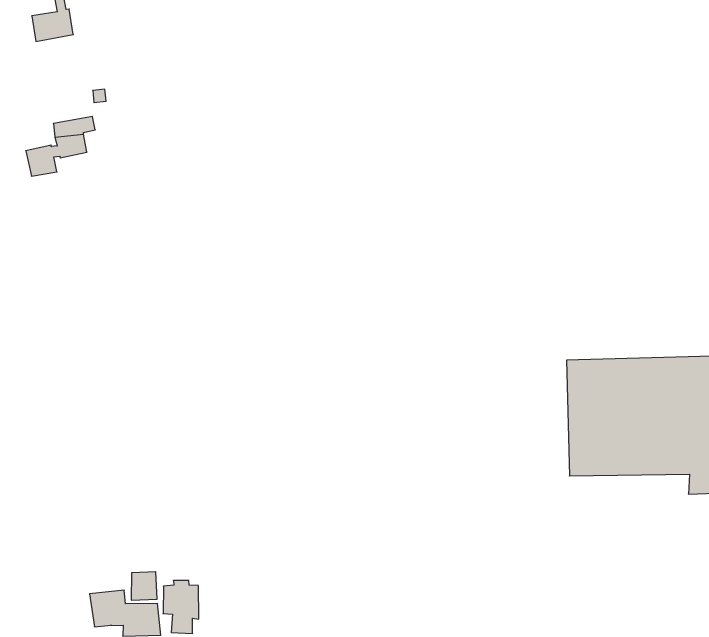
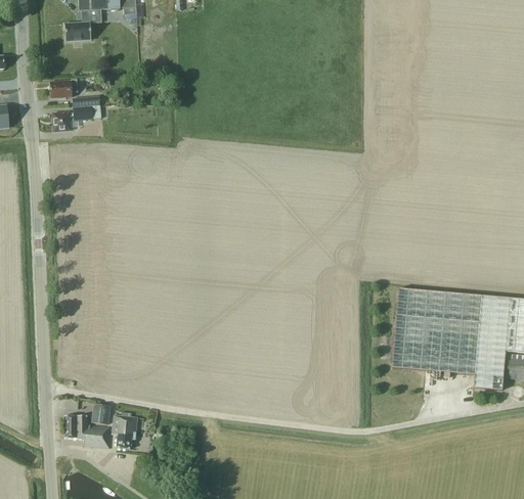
building: none -> [49,78,77,97]

